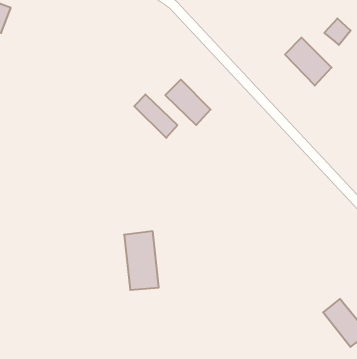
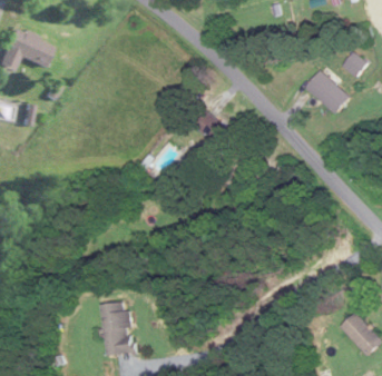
building: [134,94,177,138] -> none
building: [124,231,159,290] -> [100,301,133,356]

